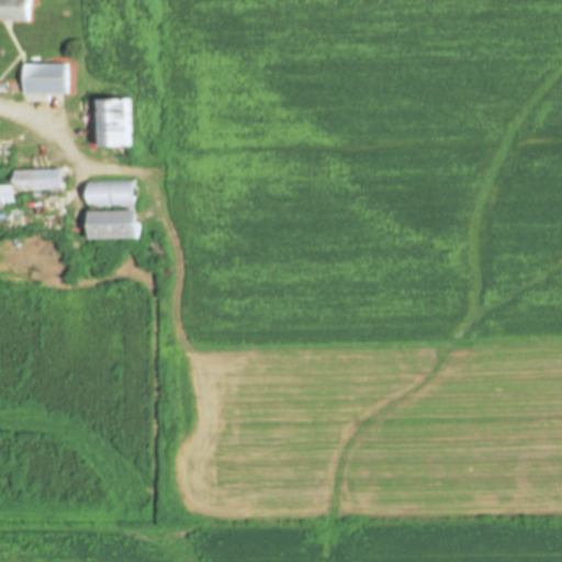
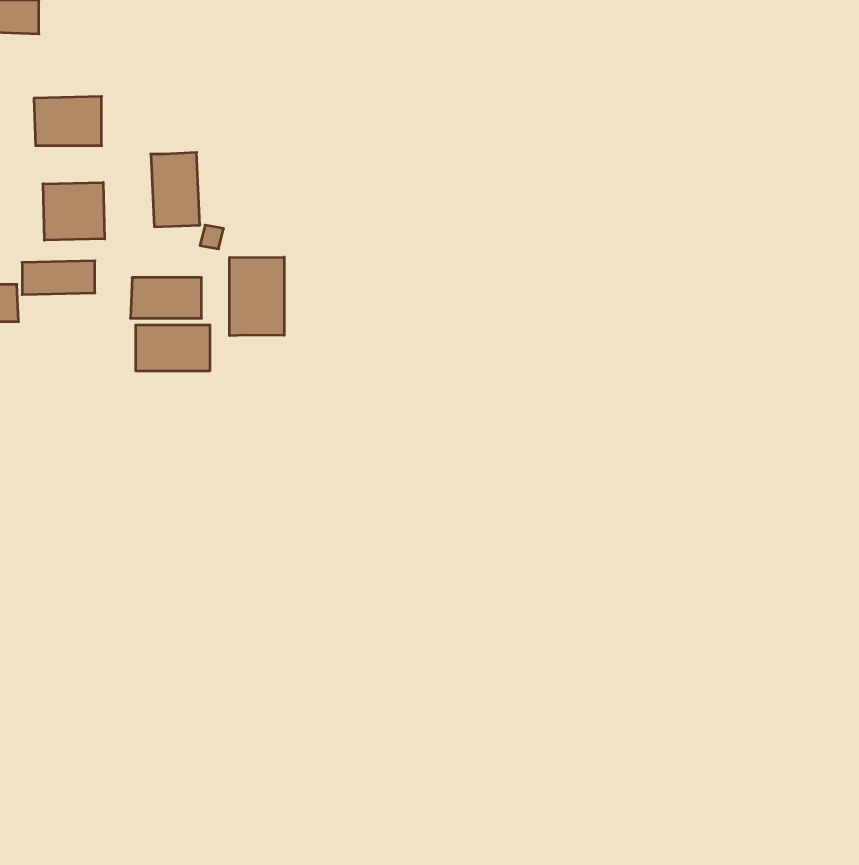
building: none -> [43,182,105,240]
building: none -> [230,257,284,336]

